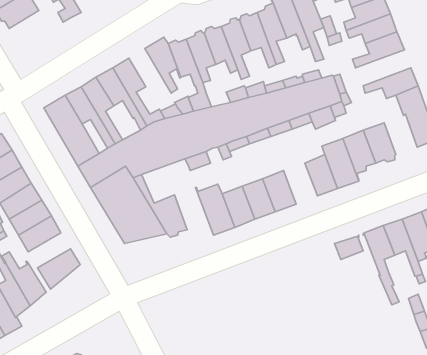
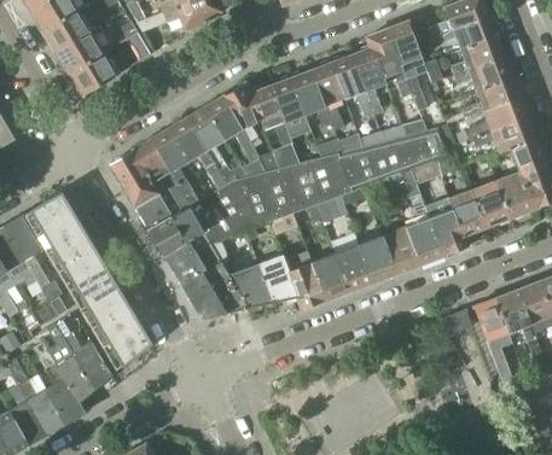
building: none -> [69,53,116,95]
building: none -> [205,97,255,154]
building: none -> [469,98,527,139]
building: none -> [496,171,534,220]
building: none -> [382,227,420,274]
building: none -> [257,255,302,309]
building: none -> [91,307,139,346]

